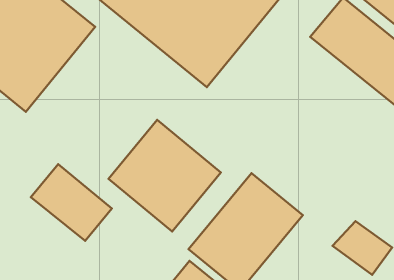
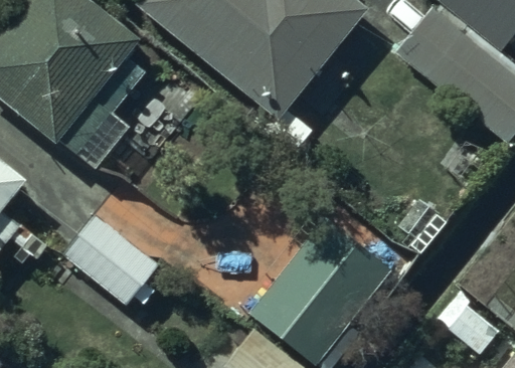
building: [109,120,221,232] -> none

